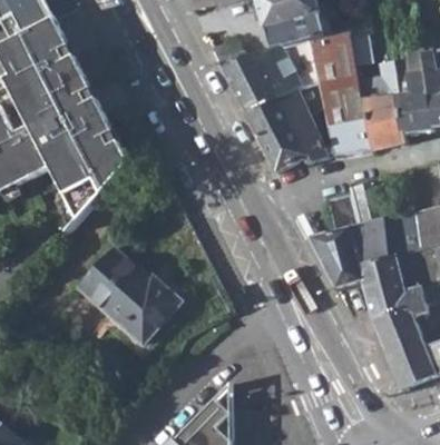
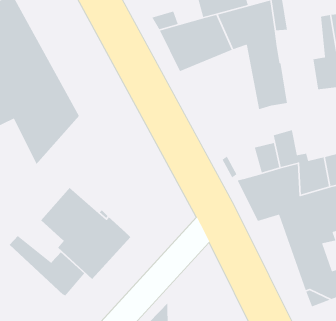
building: [358,61,404,148] -> none
building: [243,80,335,172] -> none
building: none -> [9,235,85,297]

